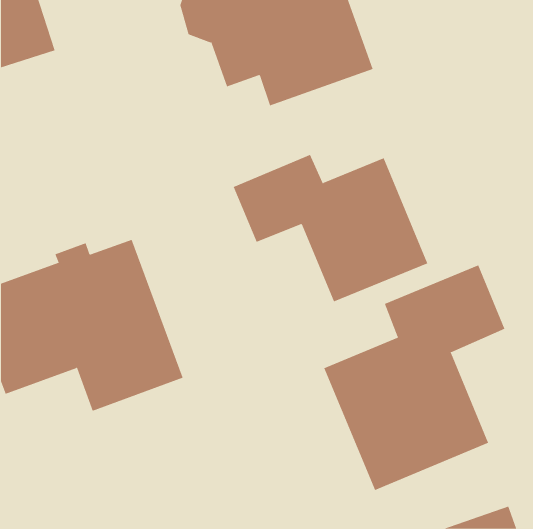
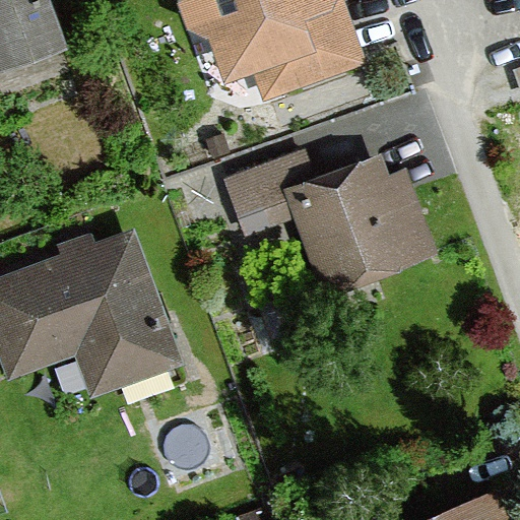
building: [324,265,505,491] -> none

